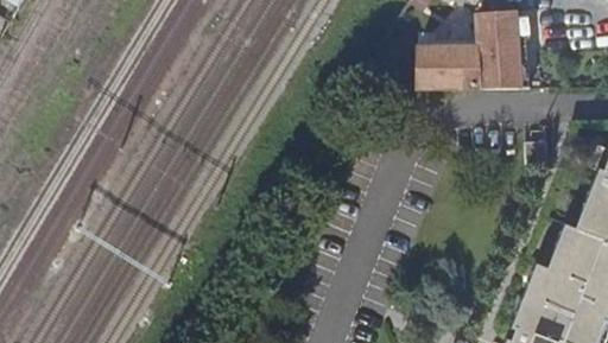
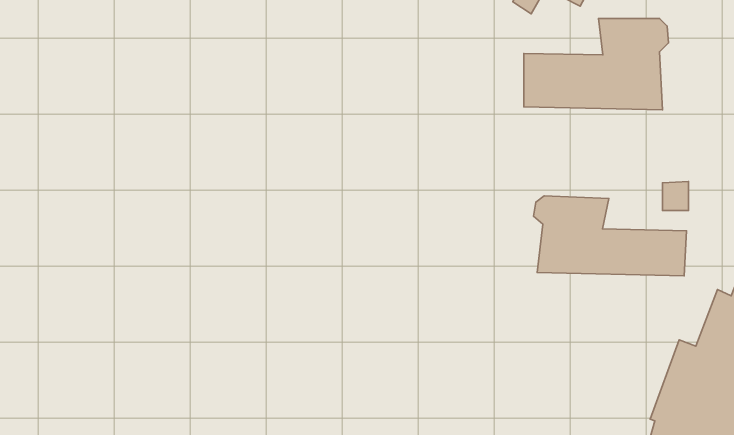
building: none -> [534,196,686,276]

